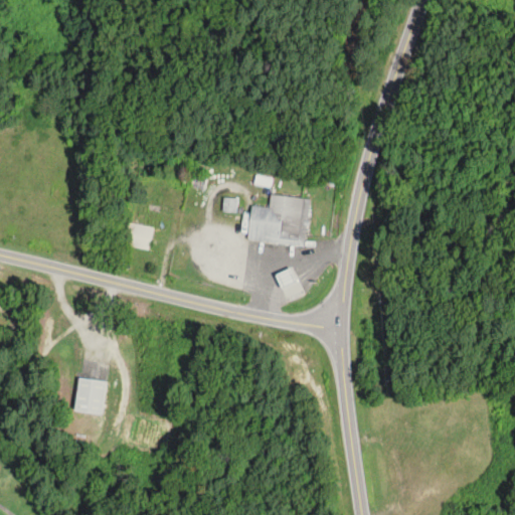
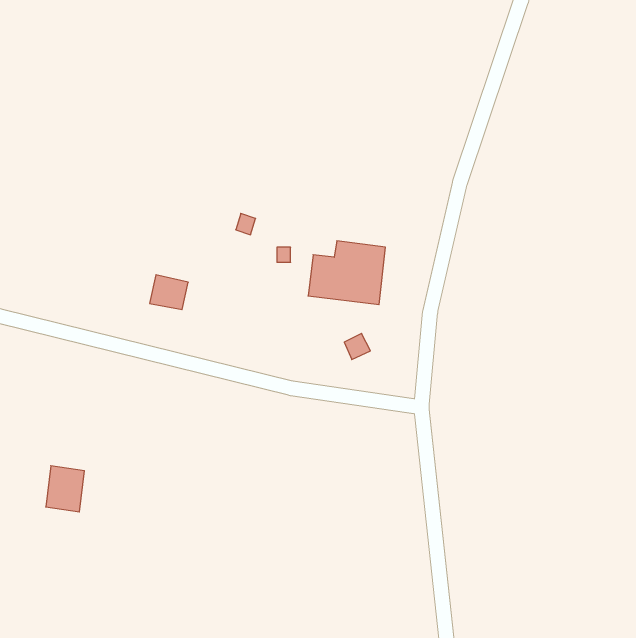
building: [73,378,105,415] -> [46,466,84,512]

